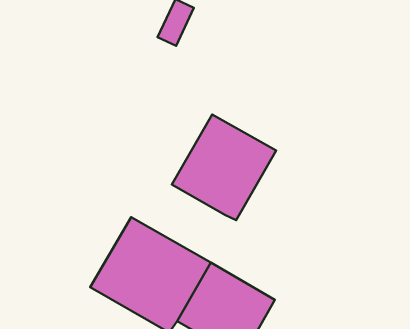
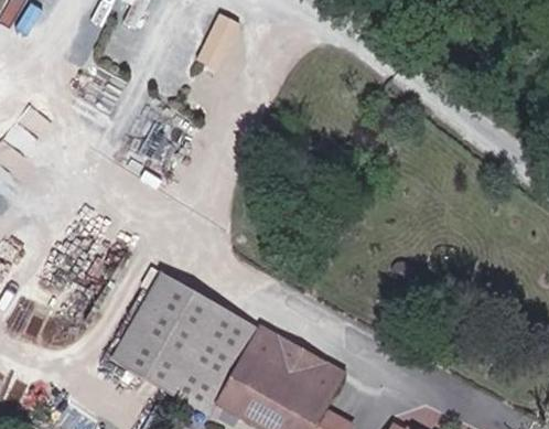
building: [172,115,276,220] -> none

